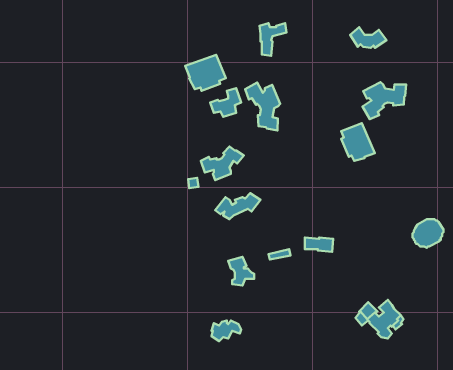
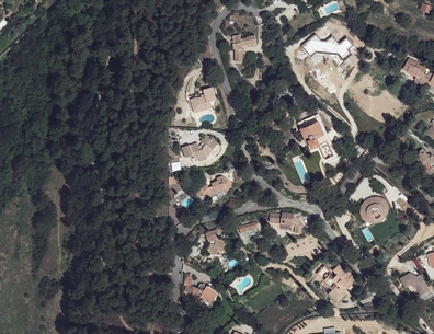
building: [185,55,226,91] -> none
building: [362,82,406,119] -> none
building: [245,83,280,131] -> none

